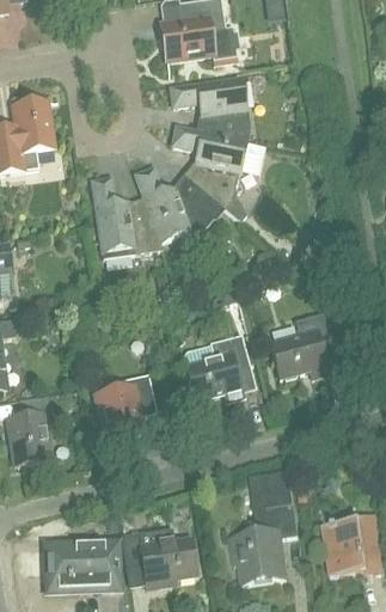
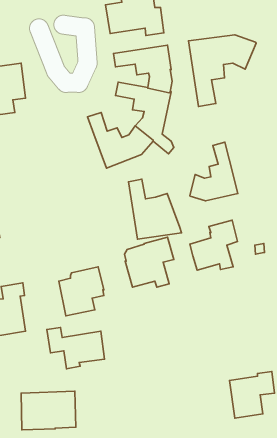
building: none -> [189,35,256,107]
building: [90,177,160,257] -> [128,179,181,239]
building: none -> [190,142,238,201]
building: [231,469,298,582] -> none
building: [118,532,195,587] -> [47,328,104,369]

